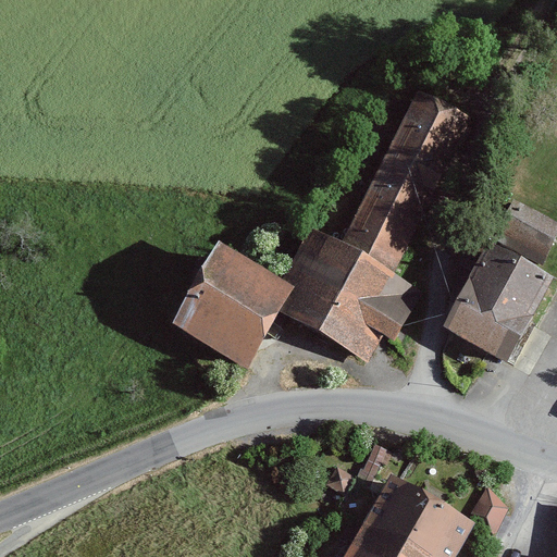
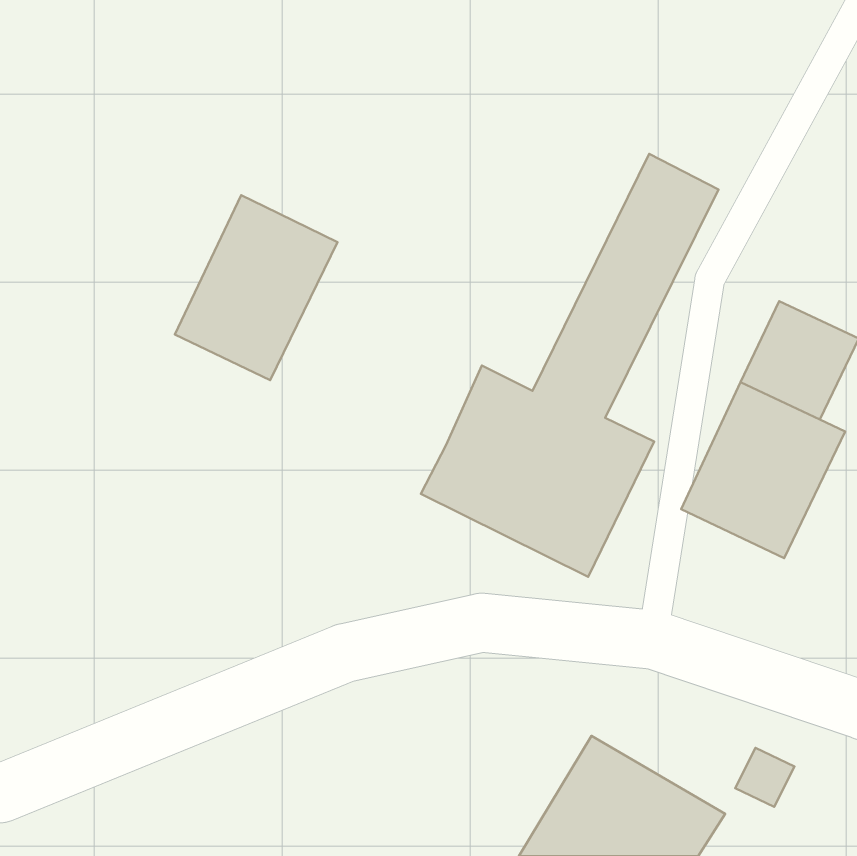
building: none -> [175,195,337,380]
building: [168,243,292,367] -> none

